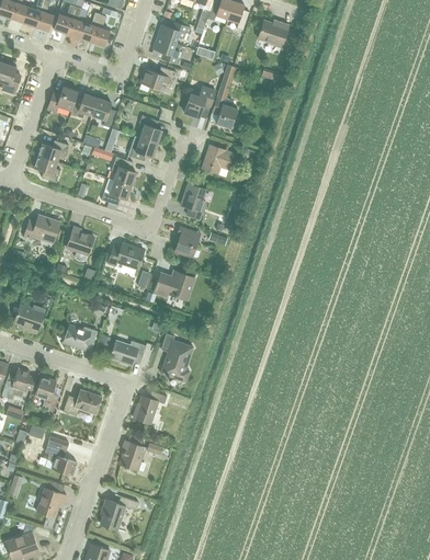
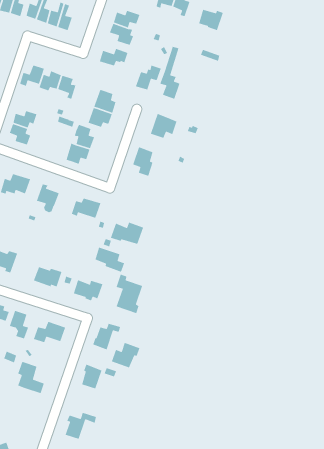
building: [174,226,200,256] -> none
building: none -> [95,246,125,273]
building: none -> [111,342,141,368]
building: [36,487,66,516] -> none

